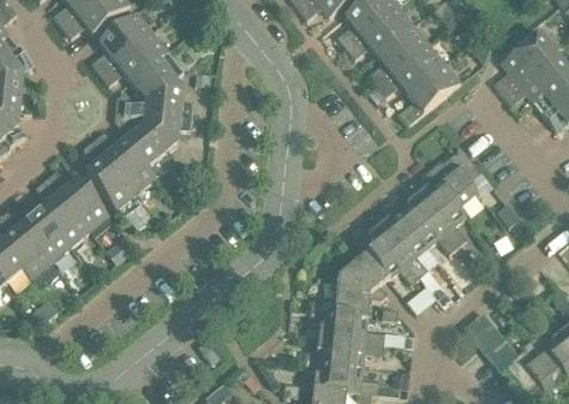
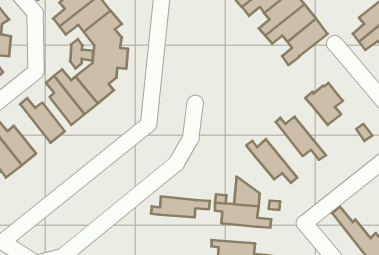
building: [415,171,467,248] -> none
building: [35,179,88,245] -> none
building: [377,203,427,278] -> none
building: [337,254,388,301] -> none
building: [304,339,383,367] -> [151,197,210,217]

